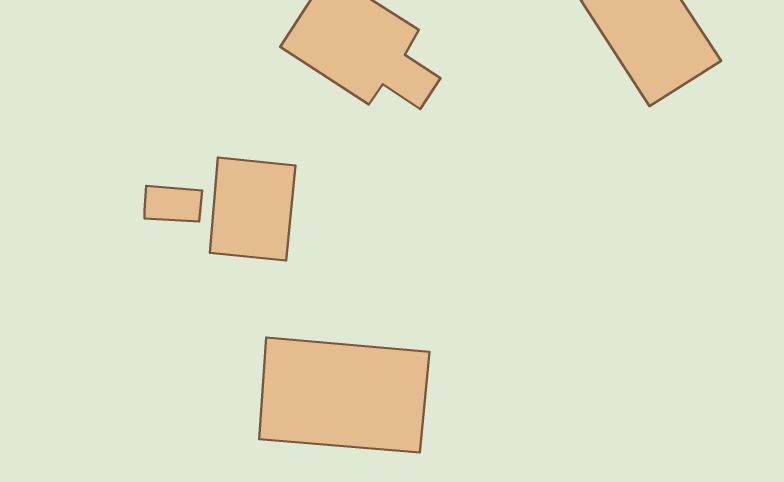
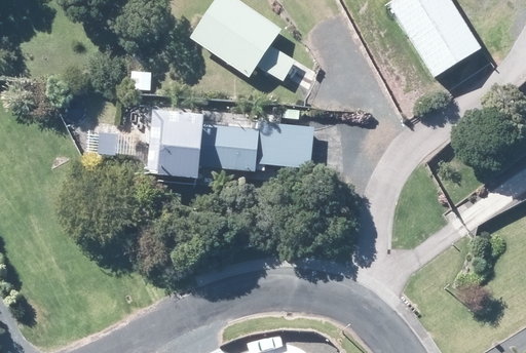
building: none -> [203,120,314,170]
building: [259,338,430,453] -> none

